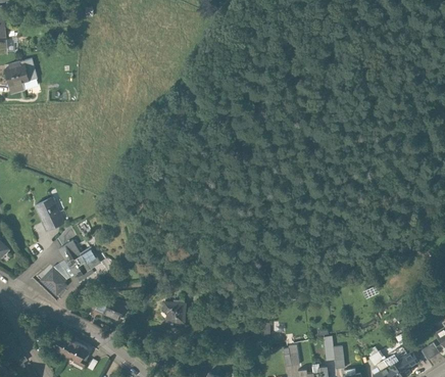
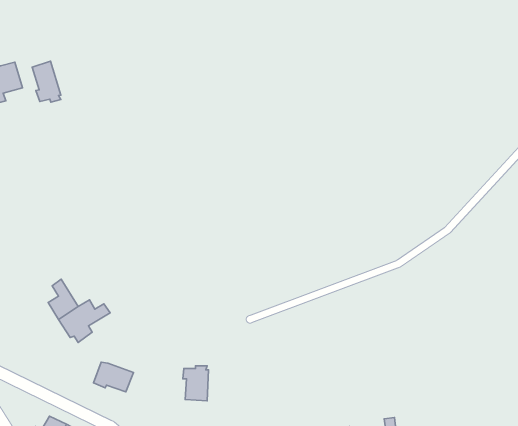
building: none -> [32,61,61,102]
building: [35,197,63,230] -> none
building: [40,269,65,297] -> none

